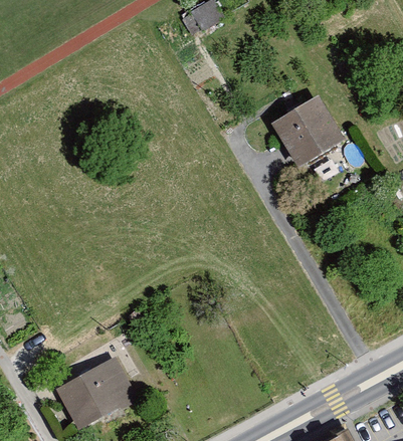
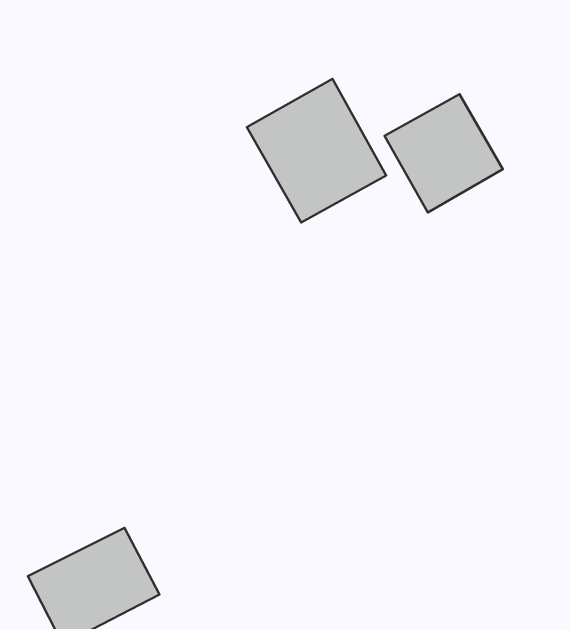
building: none -> [247,79,386,222]

